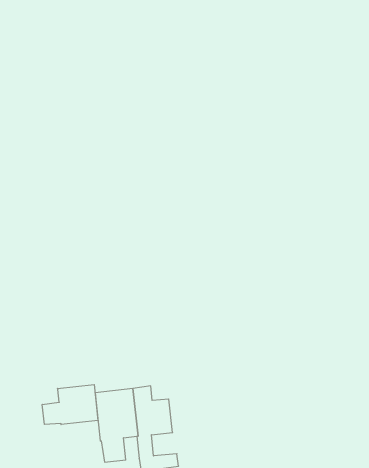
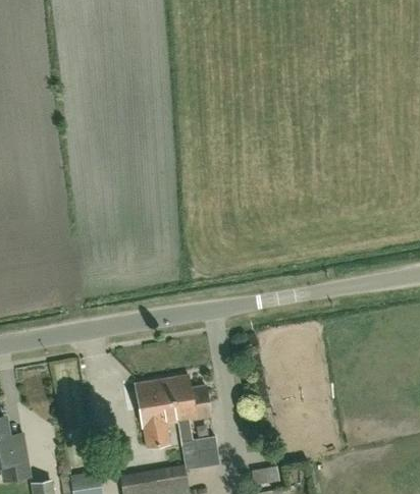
building: [42,385,98,425] -> none

